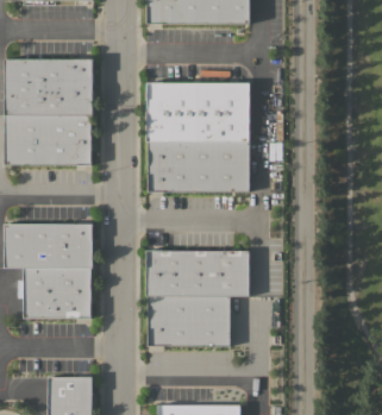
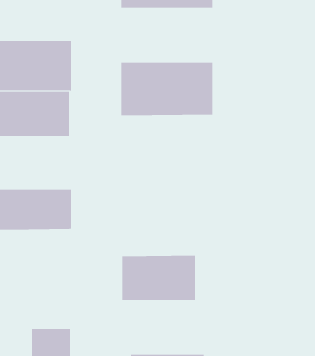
building: [148,142,249,191] -> none
building: [146,251,249,297] -> none
building: [23,268,90,319] -> none

